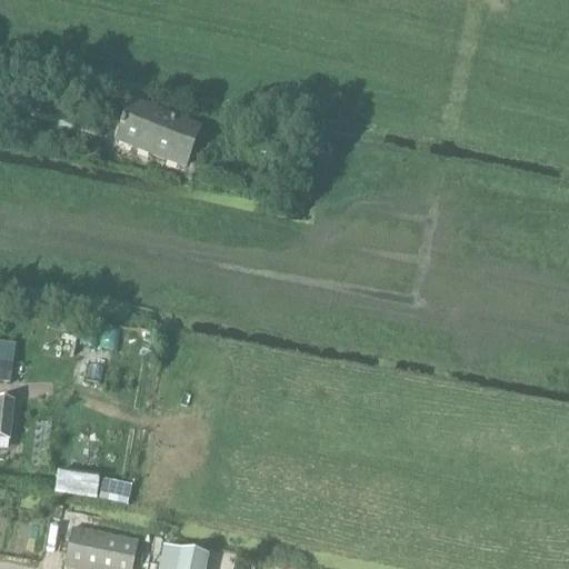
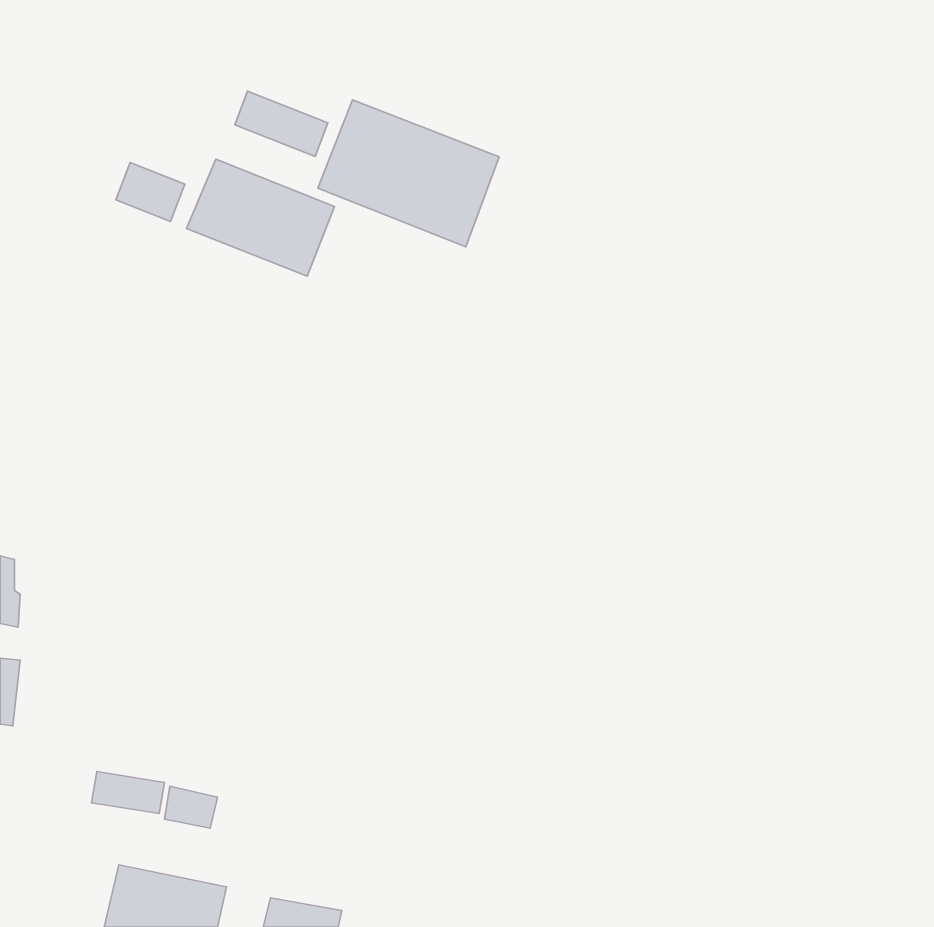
building: none -> [235,91,328,156]
building: none -> [318,100,499,247]
building: none -> [116,163,185,221]

